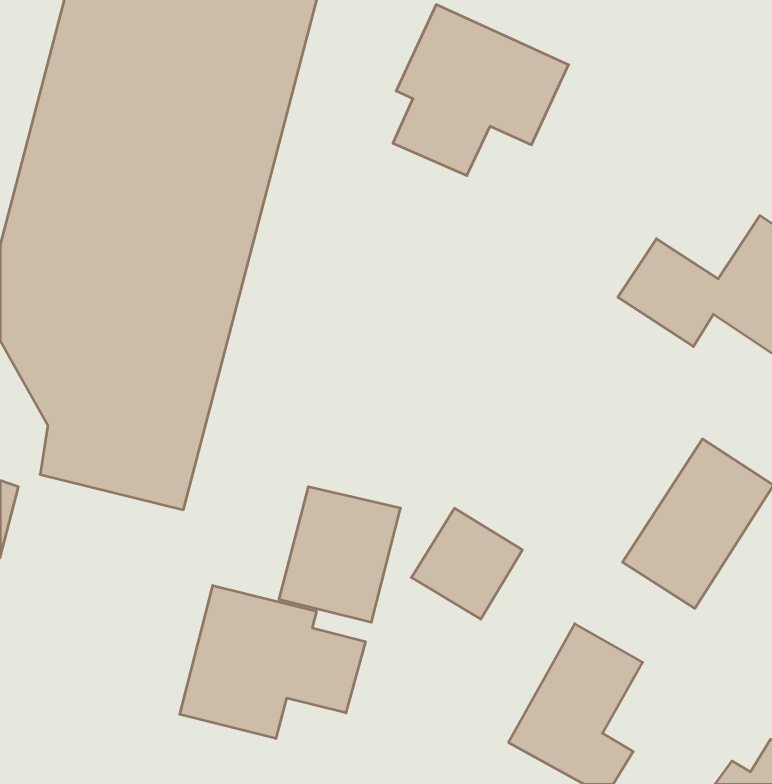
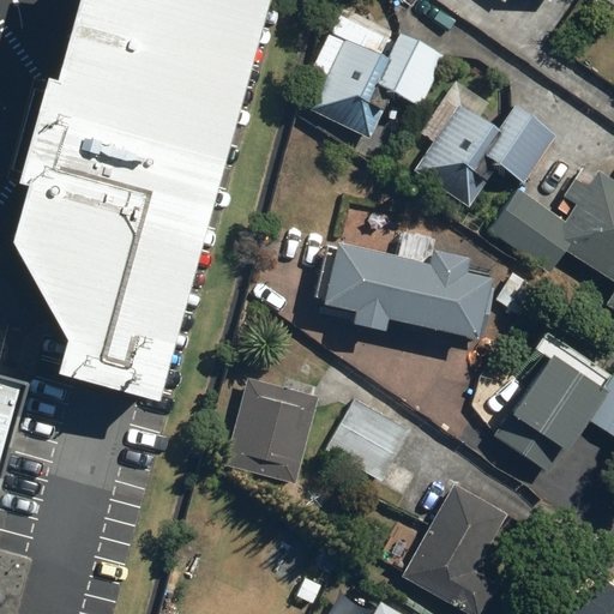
building: none -> [423,80,558,206]
building: none -> [317,230,488,342]
building: [180,585,365,739] -> none

